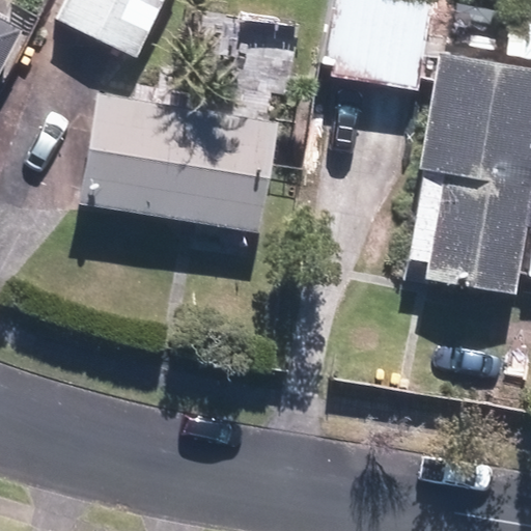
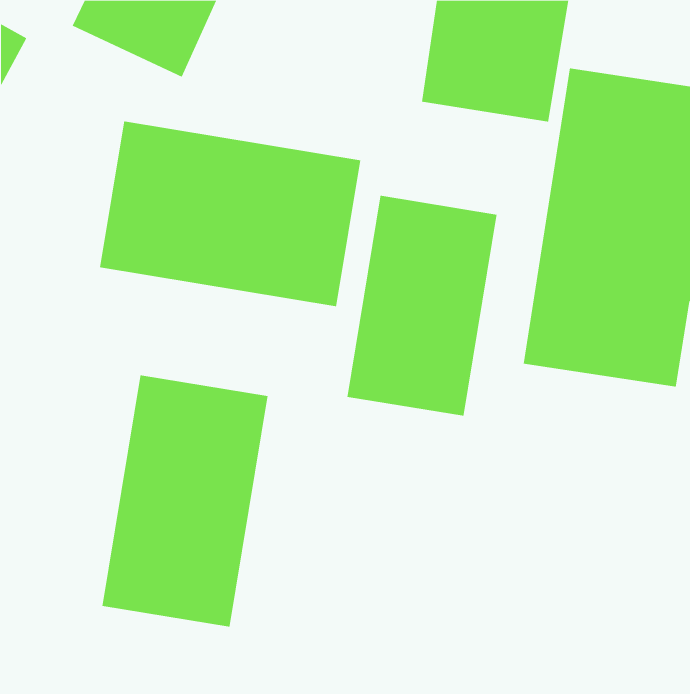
building: none -> [347,195,497,417]
building: none -> [102,374,268,628]

